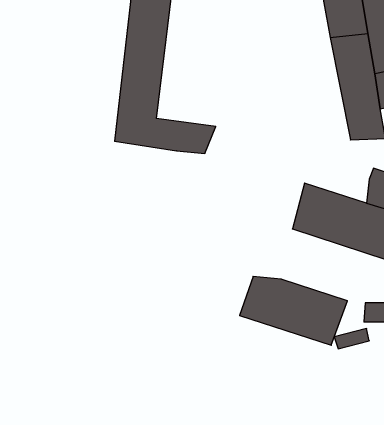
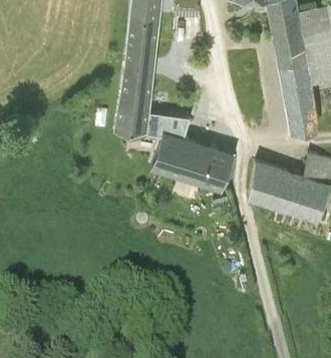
building: [240,276,347,345] -> [152,139,233,191]

